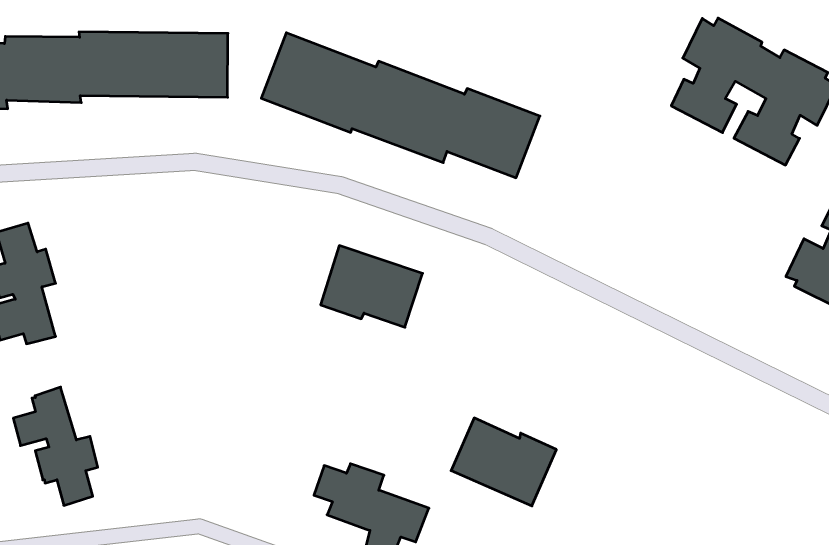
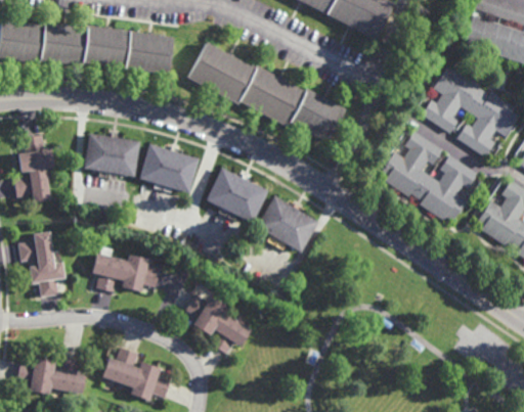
building: none -> [382,131,478,221]
building: none -> [84,133,139,178]
building: none -> [138,144,199,193]
building: none -> [93,246,161,292]
building: [451,418,556,506] -> [257,195,319,250]

